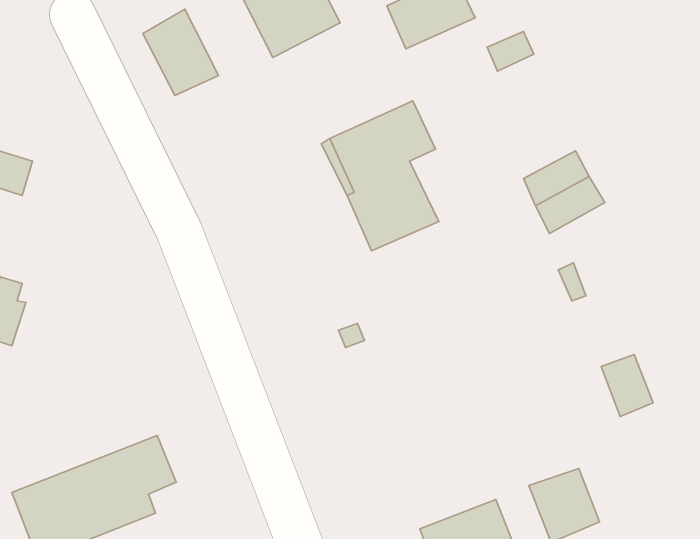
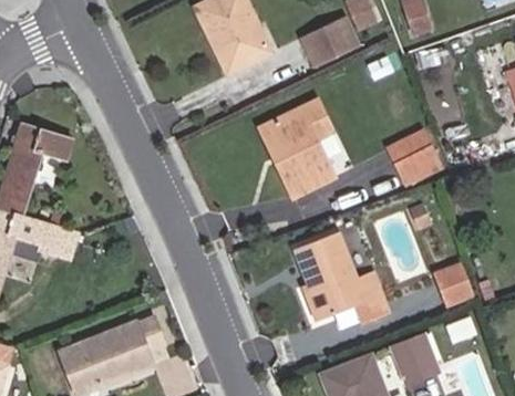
building: [143,9,219,96] -> none
building: none -> [296,232,388,320]

